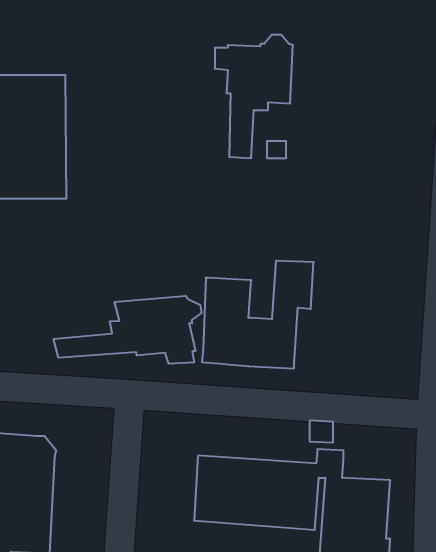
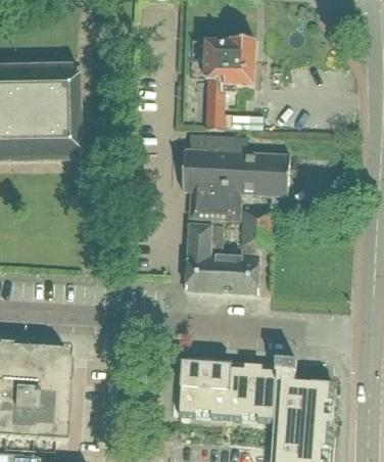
building: none -> [182,132,290,224]
building: [54,296,202,364] -> none

